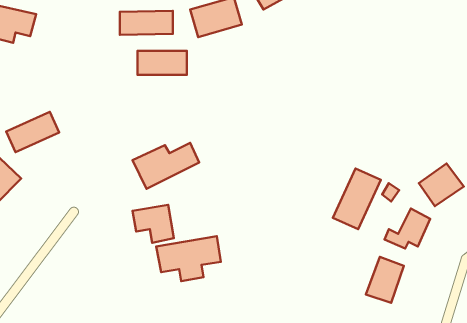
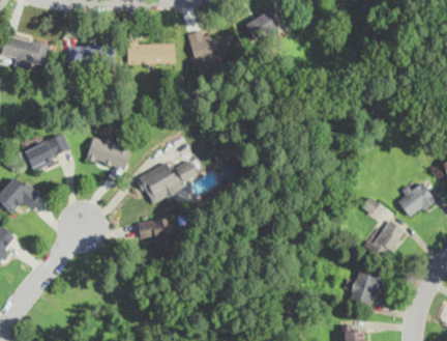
building: [137,51,187,75] -> [67,47,112,68]
building: none -> [86,134,131,169]
building: [333,168,381,229] -> none
building: [156,236,221,281] -> none

